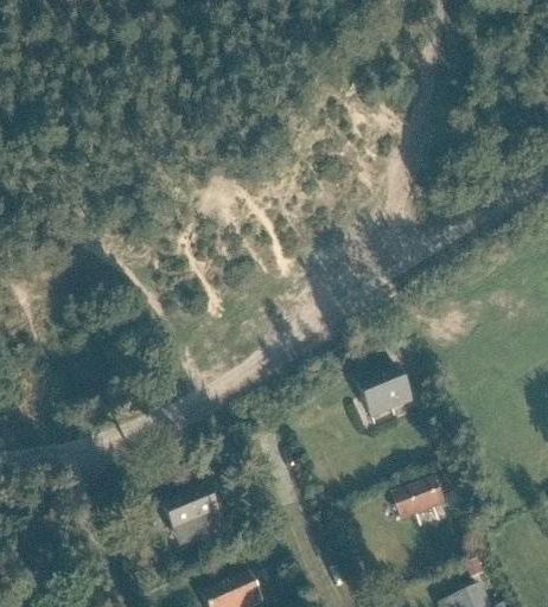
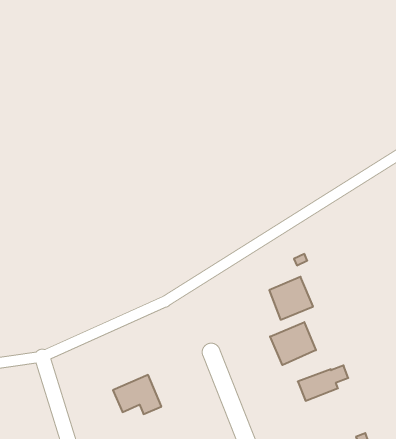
building: none -> [270,322,316,365]

